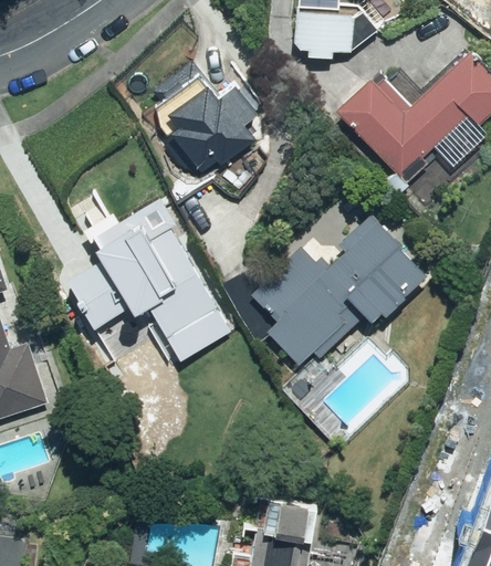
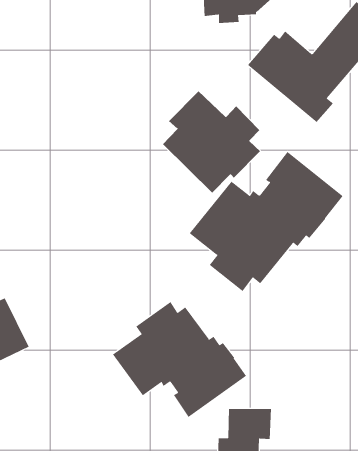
building: [145,60,259,179] -> [162,91,261,194]
building: [66,237,220,337] -> none
building: none -> [112,301,247,418]

